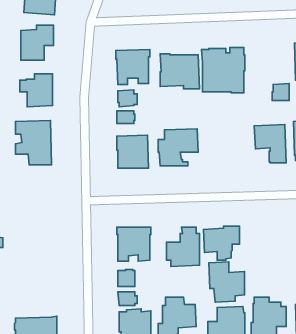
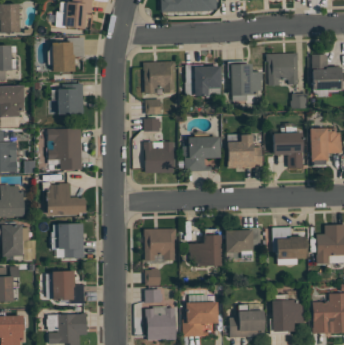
building: none -> [267,53,298,85]
building: none -> [228,134,262,168]
building: none -> [43,182,85,215]
building: none -> [52,224,84,258]
building: [209,262,245,302] -> [272,227,306,265]
building: none -> [46,271,84,304]

